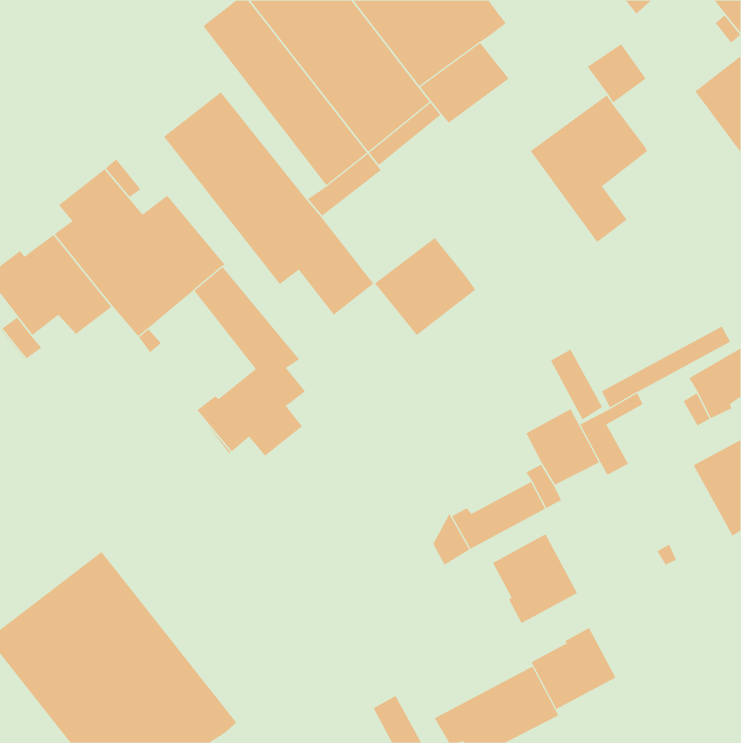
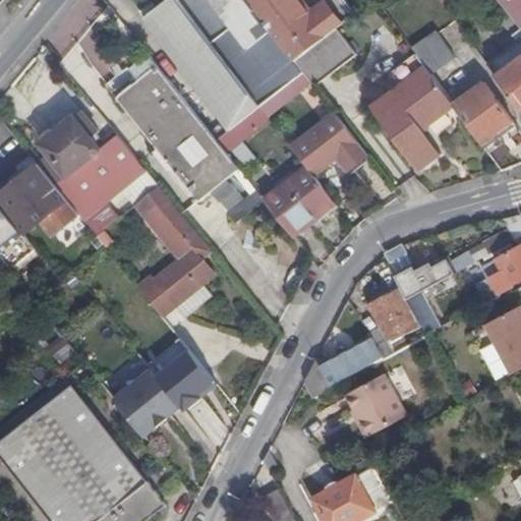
building: none -> [451,79,511,143]
building: none -> [289,112,365,175]
building: none -> [114,350,220,442]
building: [531,627,616,710] -> none

